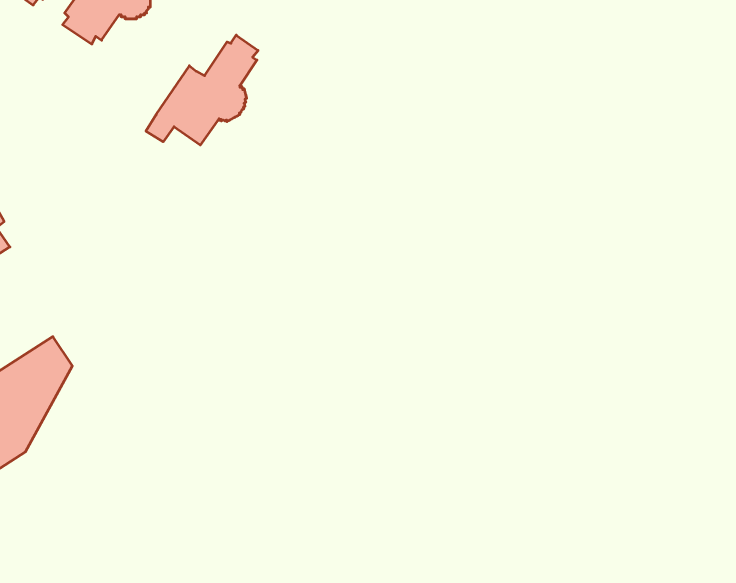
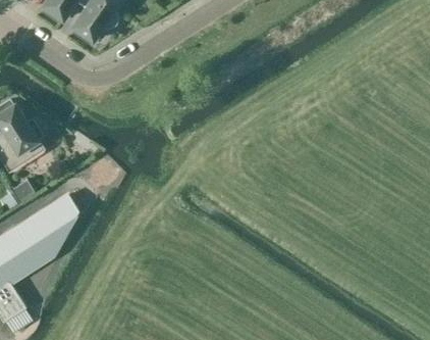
building: [146,35,258,145] -> none

